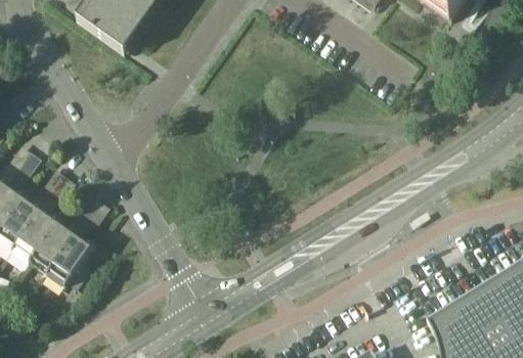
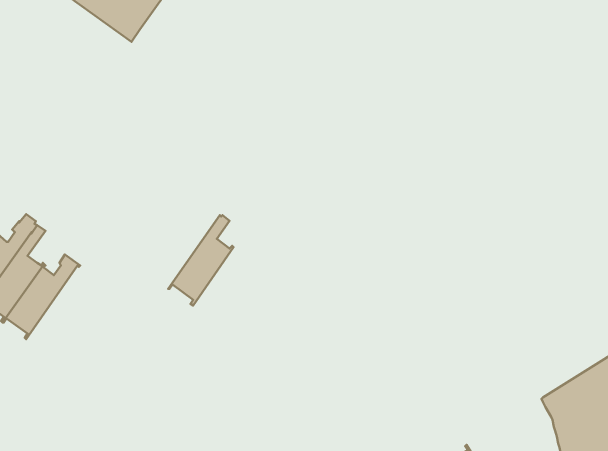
building: [45,216,93,282] -> [168,215,234,305]

